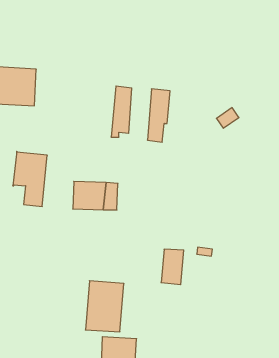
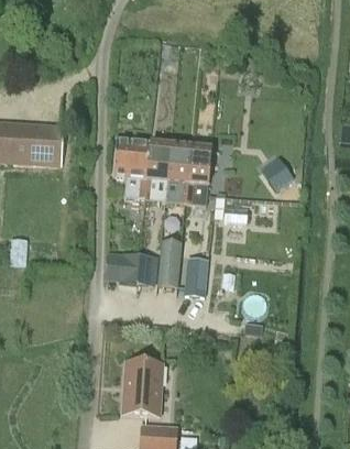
building: none -> [169,144,195,202]
building: [13,151,47,206] -> [117,138,155,199]
building: none -> [157,239,182,286]
building: [161,249,184,285] -> [184,256,209,296]

